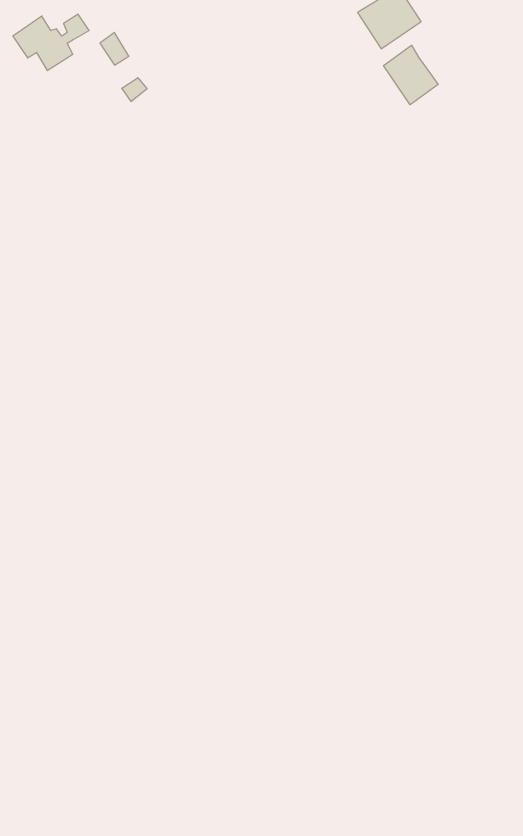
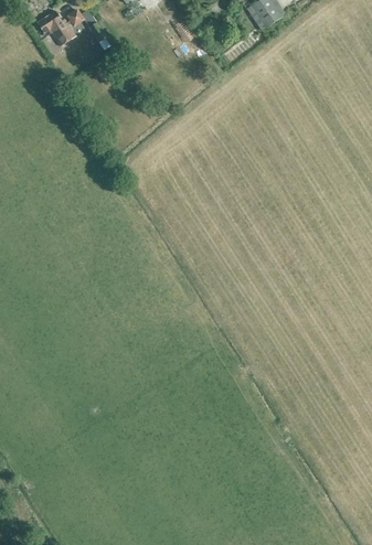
building: [383,45,438,105] -> none

